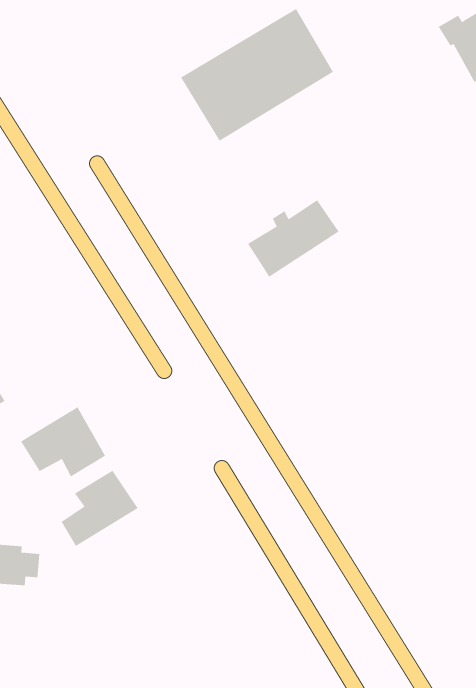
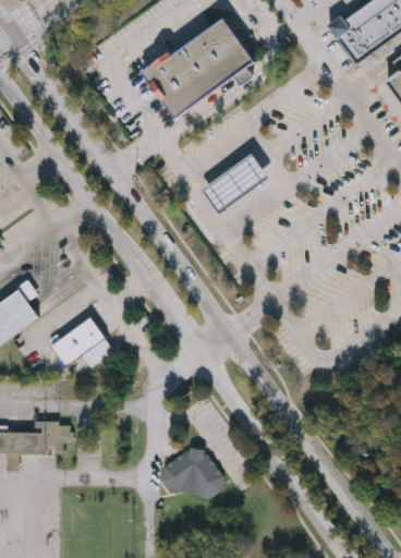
building: [61,470,138,547] -> none
building: none -> [162,446,219,496]

